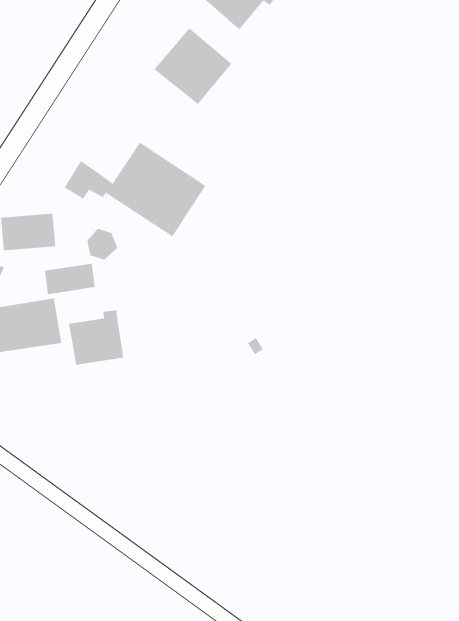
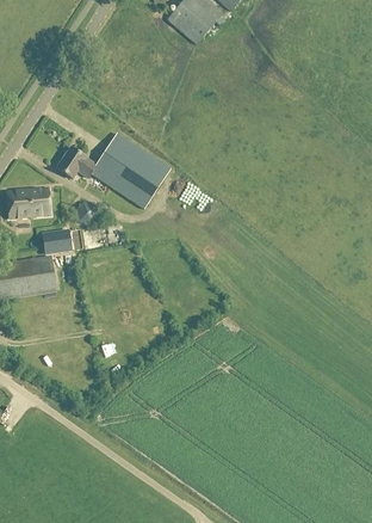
building: [154,27,233,105] -> none
building: [68,310,124,366] -> none

